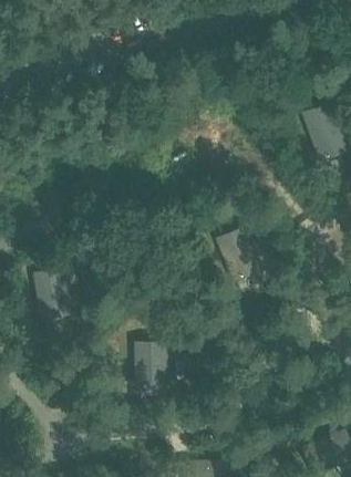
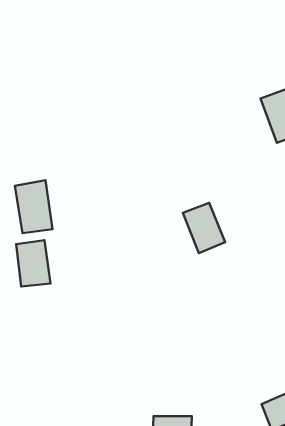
building: none -> [15,180,52,233]
building: [135,341,167,388] -> none

